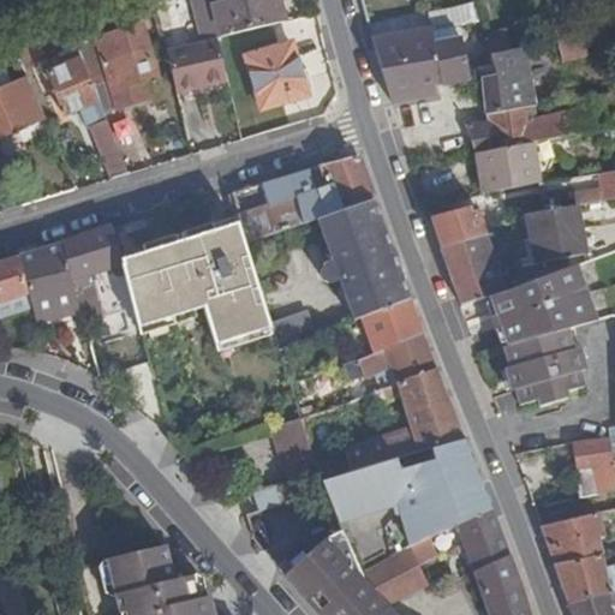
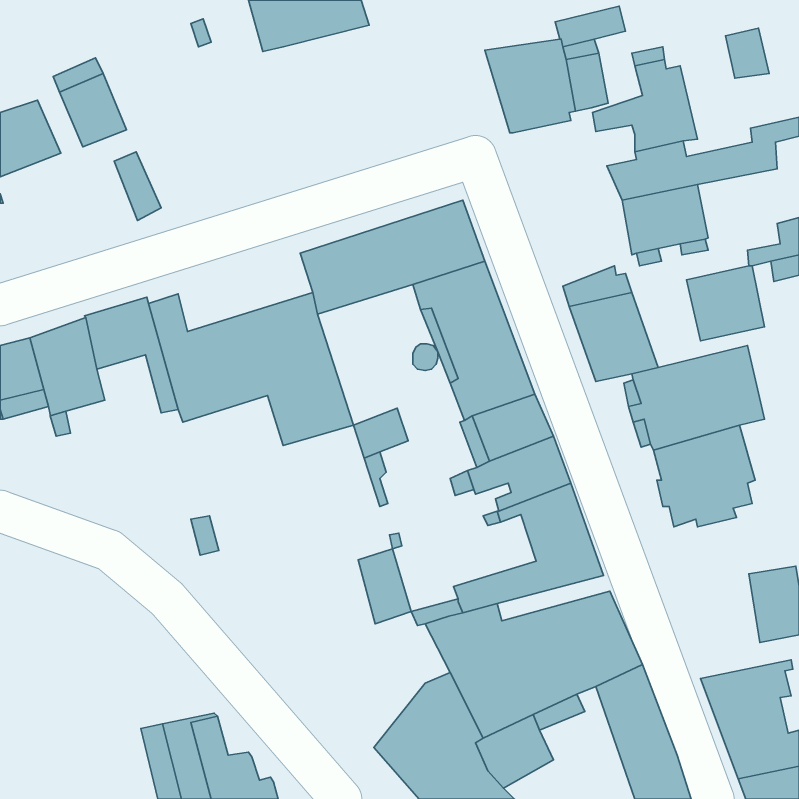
building: [94,22,162,112] -> none
building: [167,36,228,89] -> none
building: [246,41,308,106] -> none

